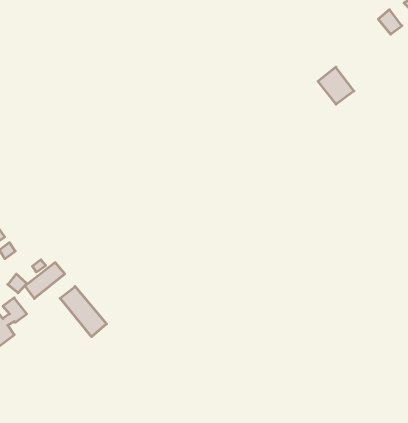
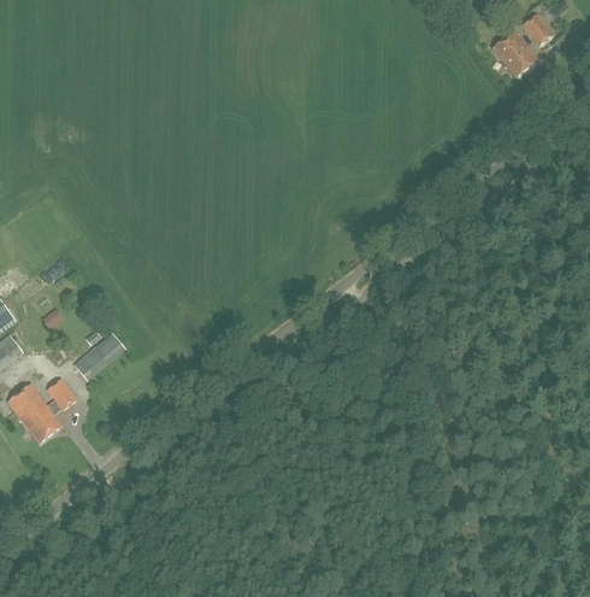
building: [318,67,354,104] -> [491,30,537,77]
building: [60,286,107,337] -> none

